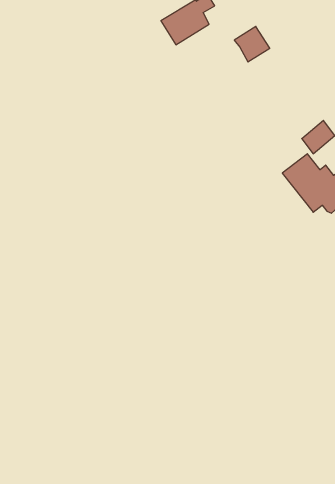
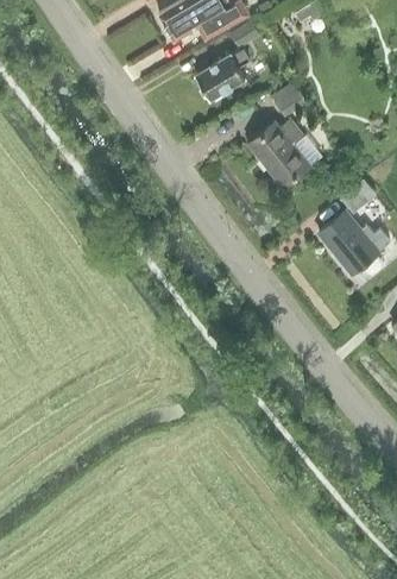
building: none -> [246,119,310,187]

